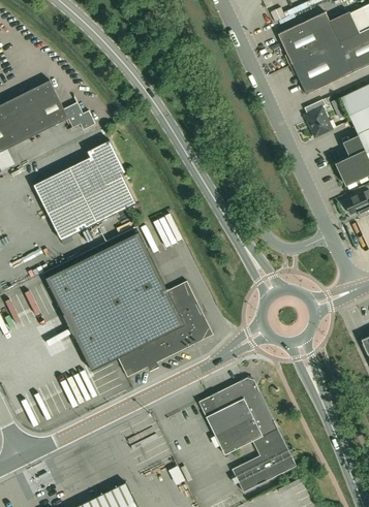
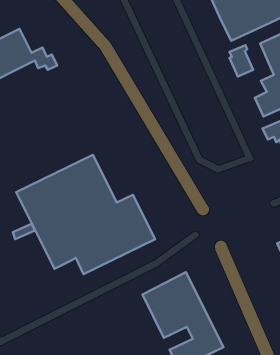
building: [33,140,136,241] -> none

